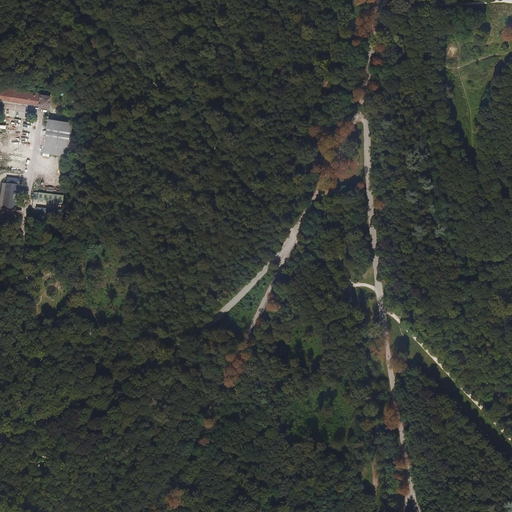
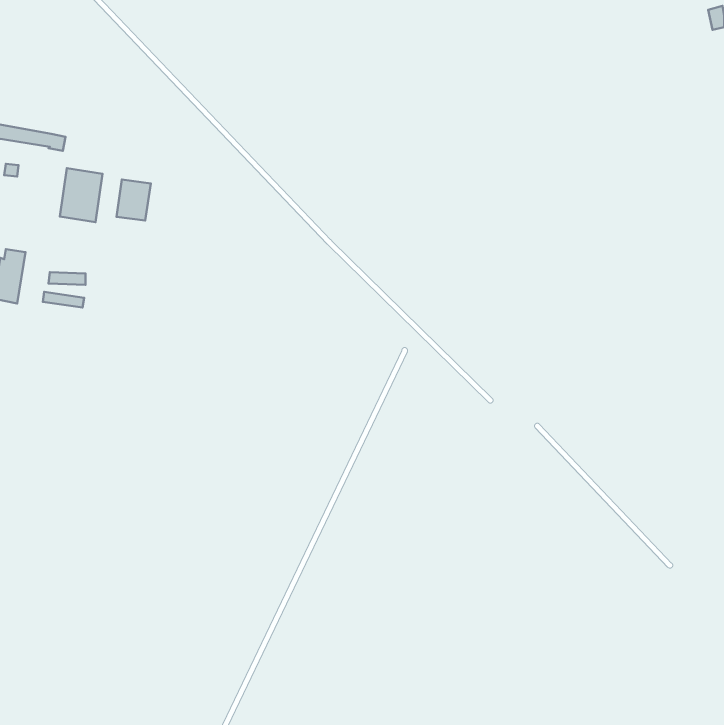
building: none -> [116,180,151,221]

